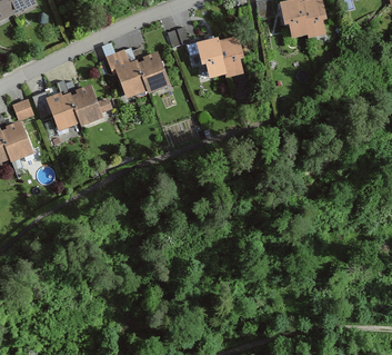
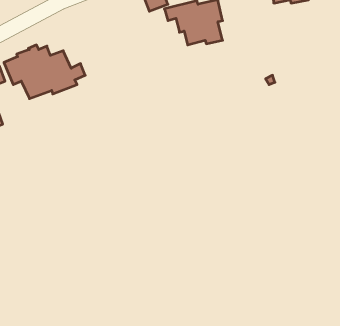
building: [105,48,169,100] -> none

